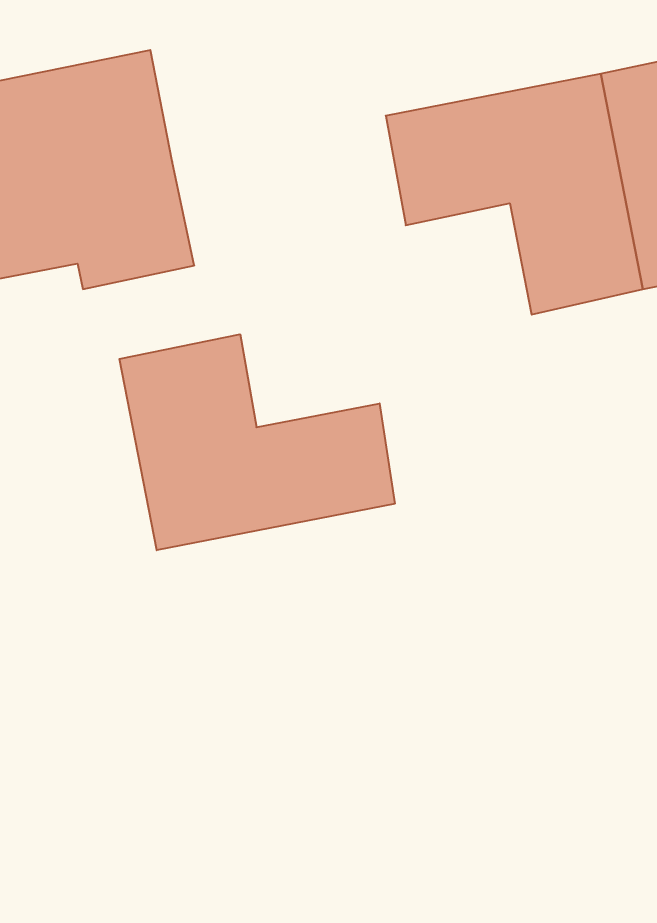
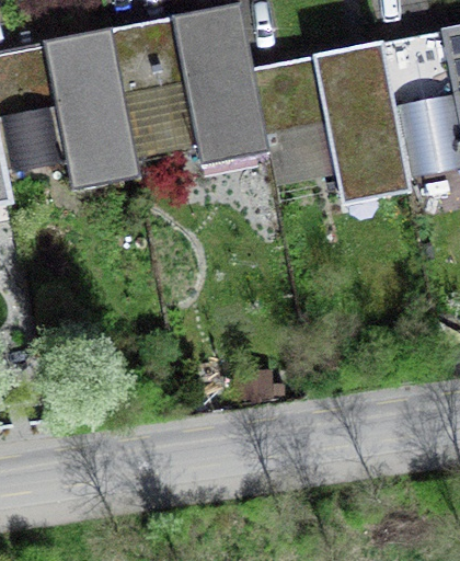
building: none -> [111,5,264,149]
building: [119,334,395,550] -> none

